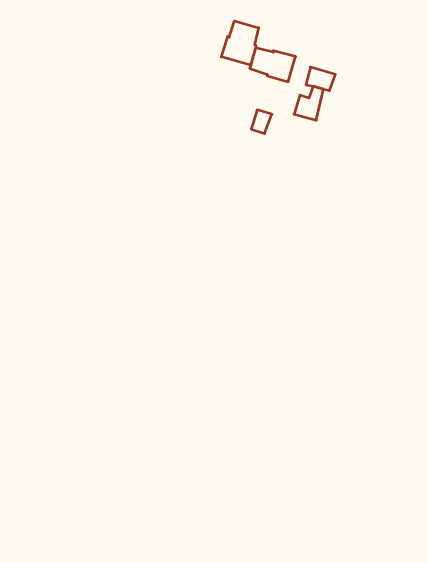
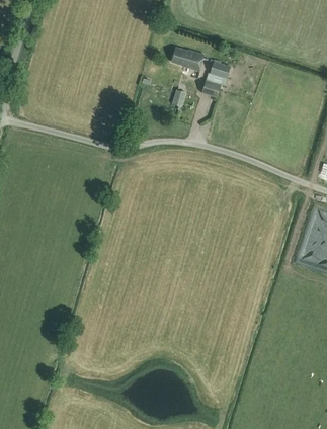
building: [221,21,259,65] -> none

